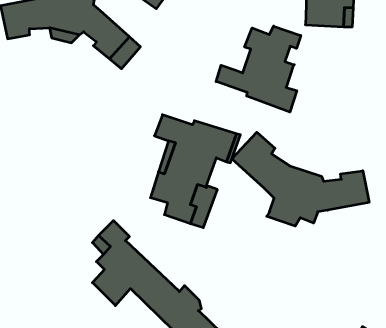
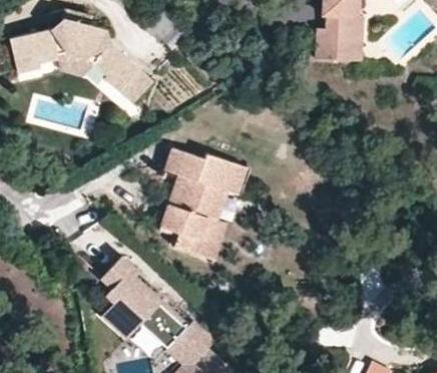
building: [216,26,301,112] -> none
building: [232,132,369,226] -> none

